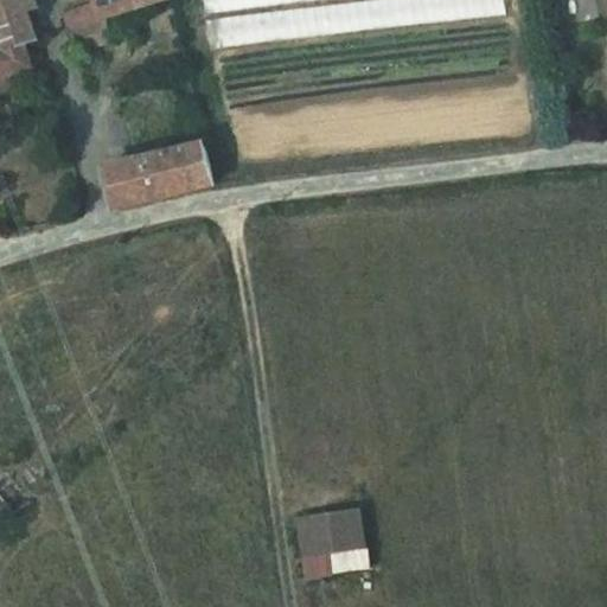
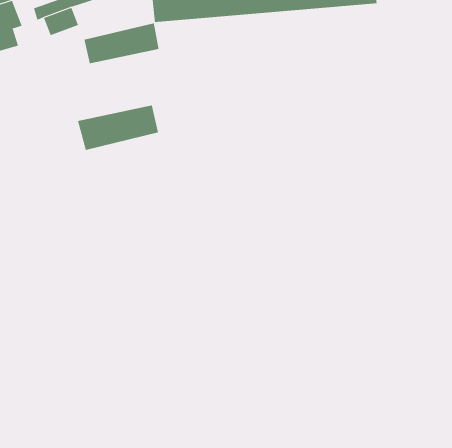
building: none -> [84,22,159,64]
building: [301,505,370,574] -> none

